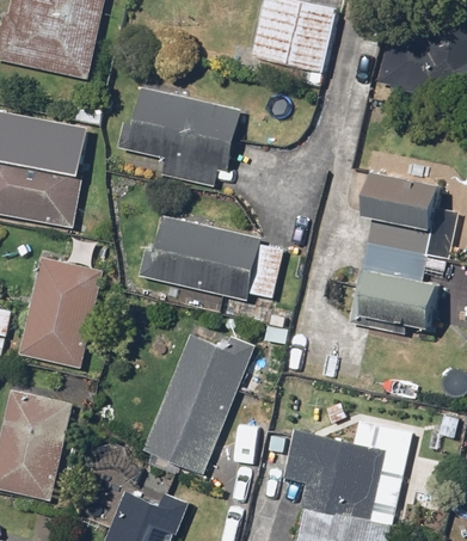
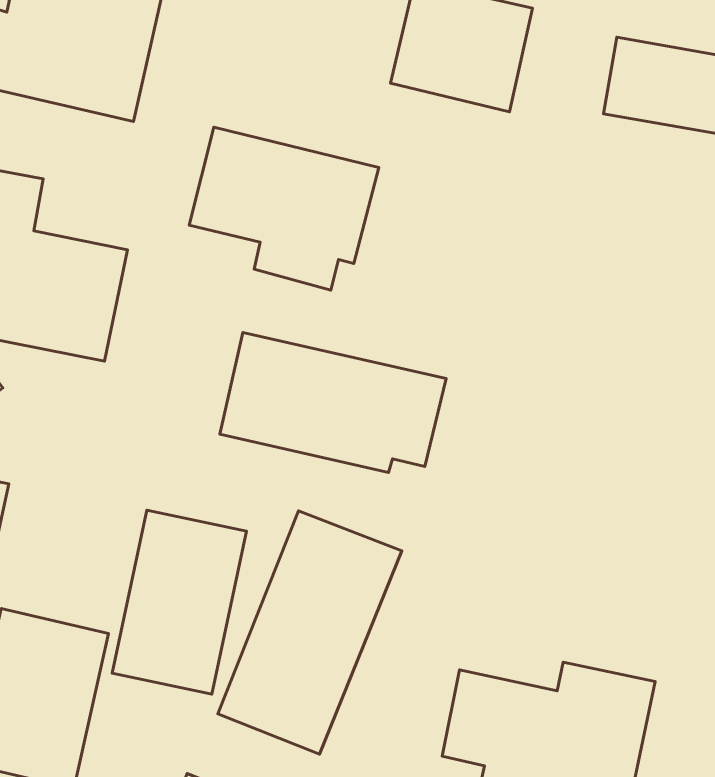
building: [352,170,441,325] -> none
building: [18,252,102,367] -> [112,510,246,694]

